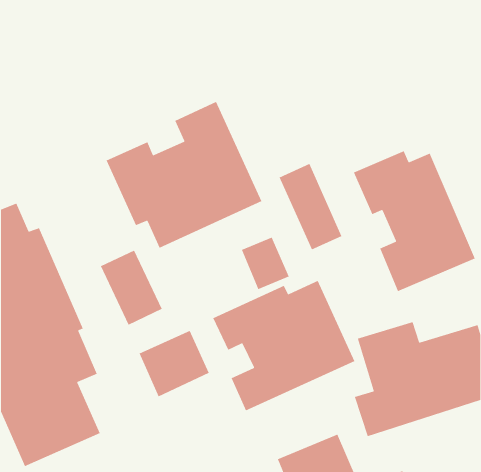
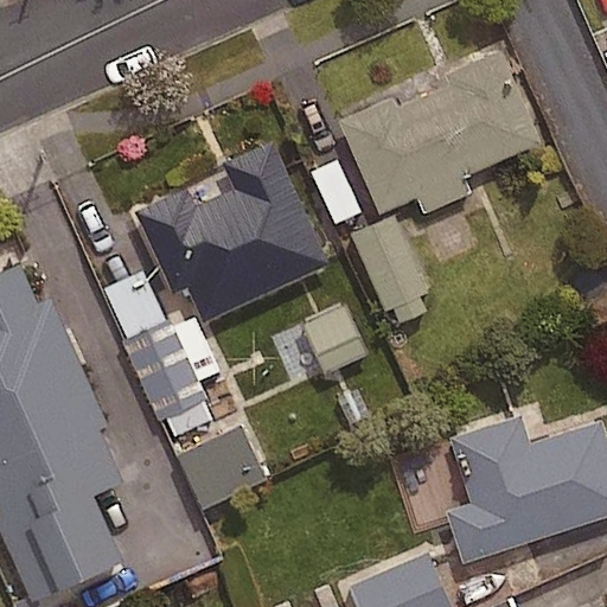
building: none -> [339,47,544,217]
building: [353,150,476,292] -> none
building: [212,280,356,412] -> none

